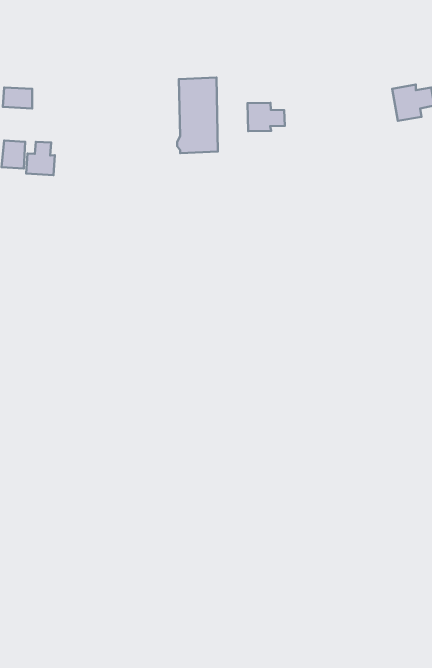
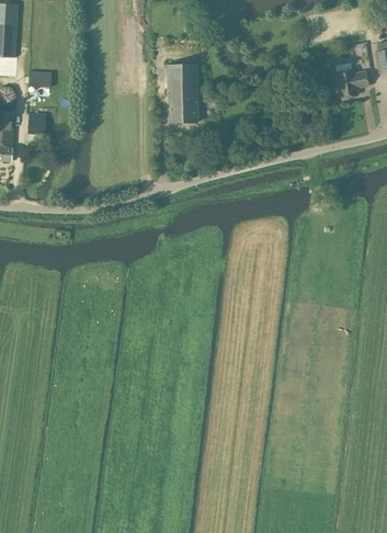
building: [247,103,285,131] -> none
building: [26,142,55,175] -> none

